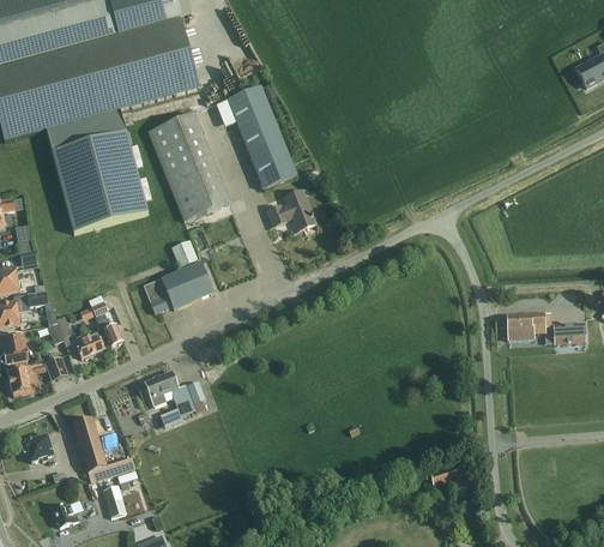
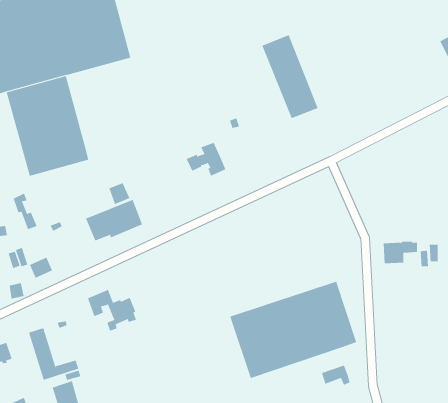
building: [226,86,296,190] -> [262,35,318,119]
building: [159,114,229,216] -> none
building: [93,300,123,345] -> [13,193,37,230]
building: none -> [229,281,357,379]

